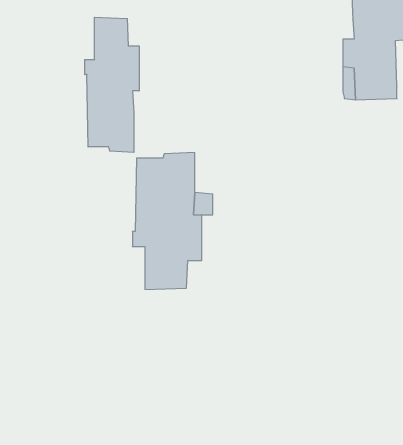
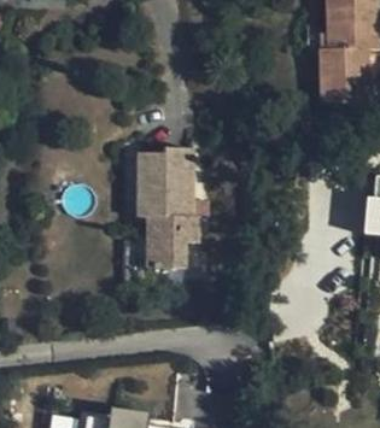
building: [85,17,139,152] -> none

